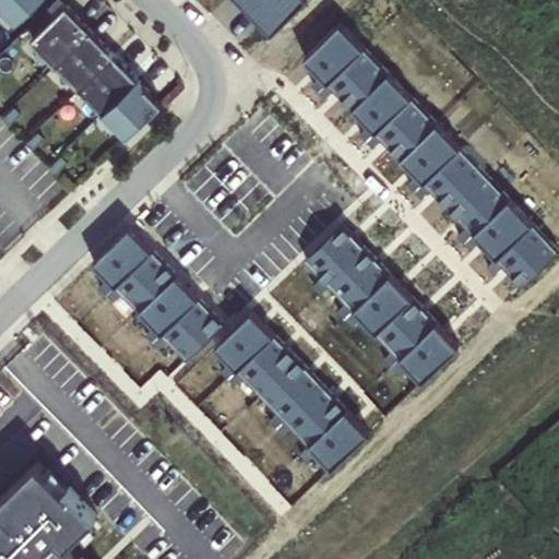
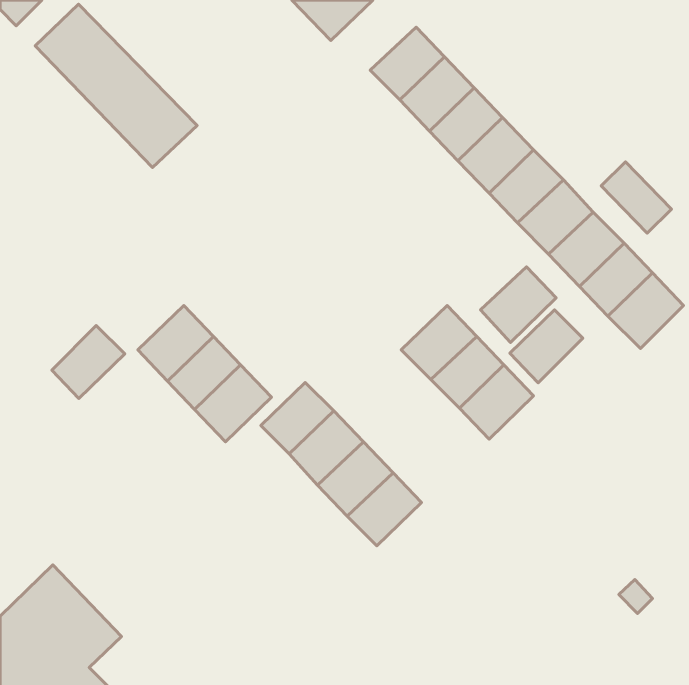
building: none -> [601,162,671,233]
building: [301,226,362,287] -> [481,267,556,342]
building: [91,228,150,287] -> [52,326,125,399]
building: [396,324,455,383] -> [510,310,583,383]
building: [306,411,366,471] -> none

